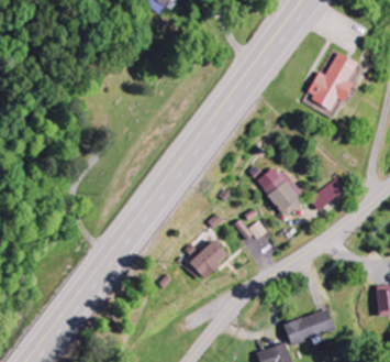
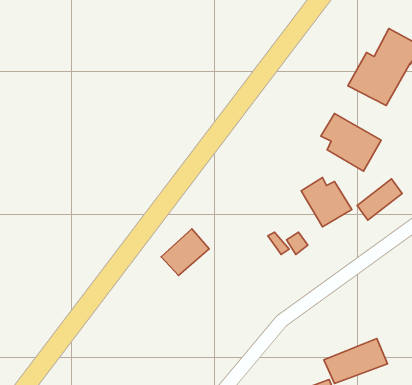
building: none -> [321,113,381,171]
building: [187,240,226,278] -> [161,229,209,275]

